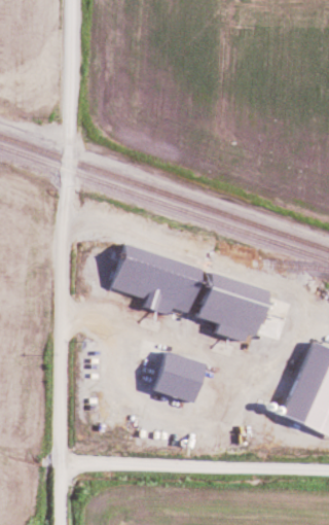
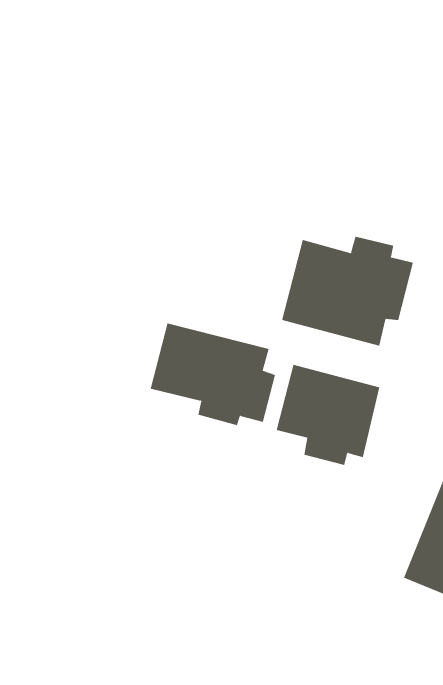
building: none -> [281,236,413,346]
building: [155,353,204,402] -> none

